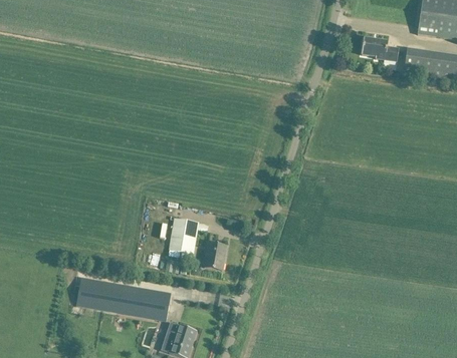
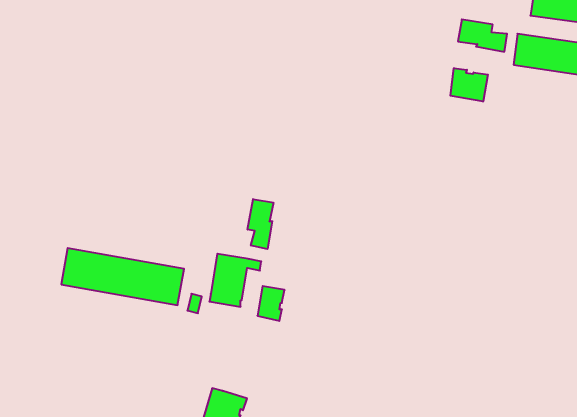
building: none -> [450,68,488,102]
building: none -> [248,199,273,249]
building: [75,277,171,321] -> [61,248,184,305]

